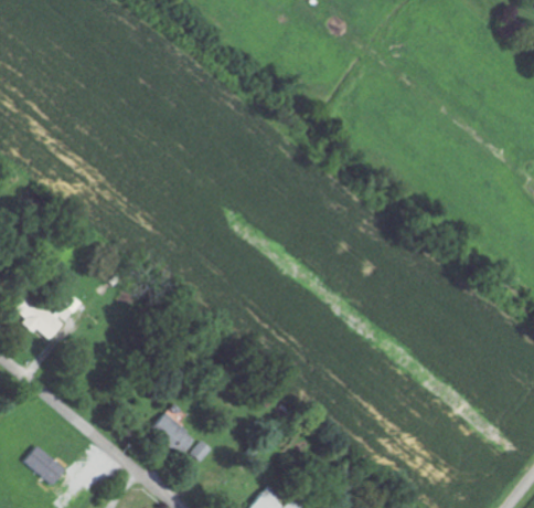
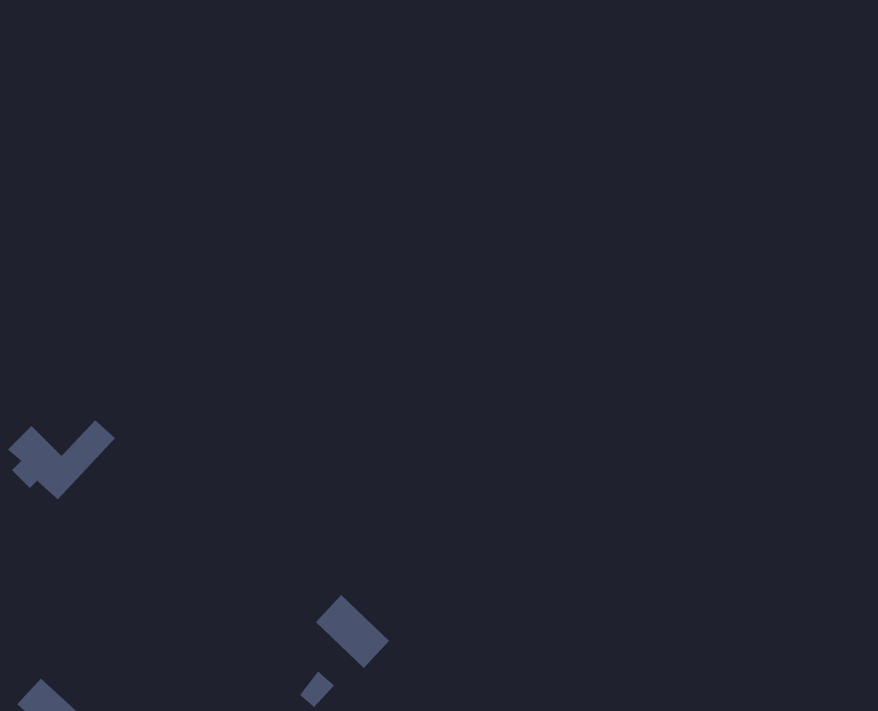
building: [149,412,193,456] -> [315,594,390,669]

